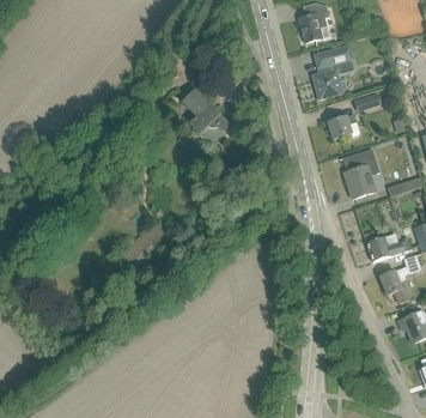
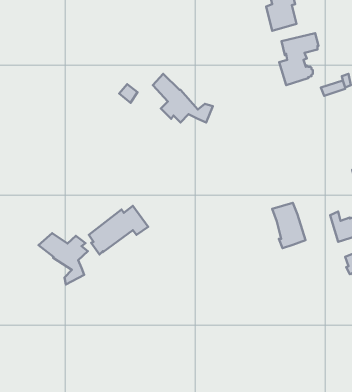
building: [327,113,359,139] -> none
building: [341,152,376,199] -> [272,203,306,248]
building: none -> [38,233,88,285]

